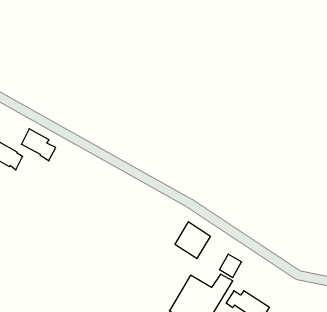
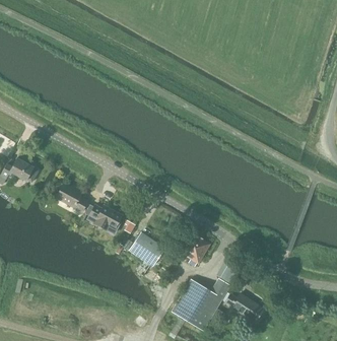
building: [21,129,56,161] -> [56,183,87,212]
building: none -> [87,204,121,231]
building: none -> [129,232,164,266]

